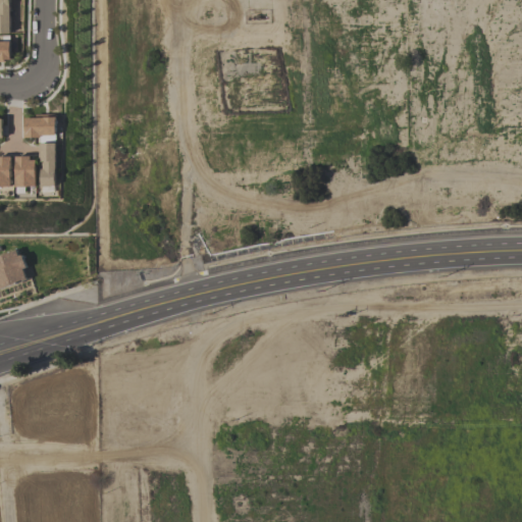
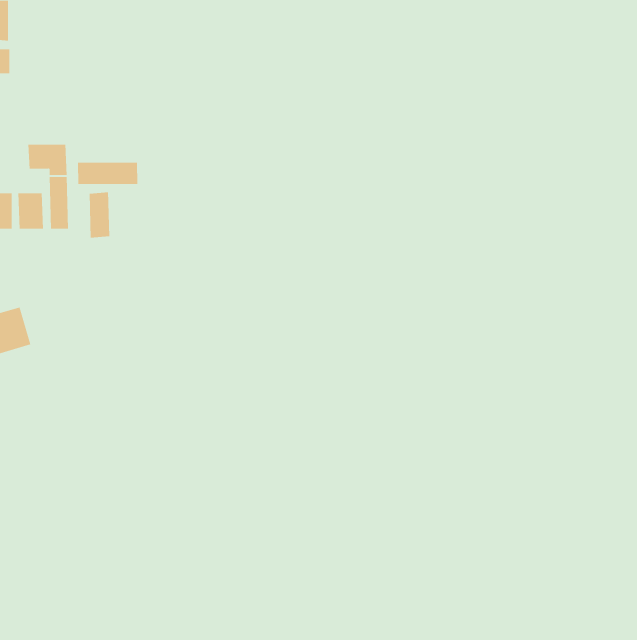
building: none -> [77,162,138,185]
building: none -> [89,192,110,239]

